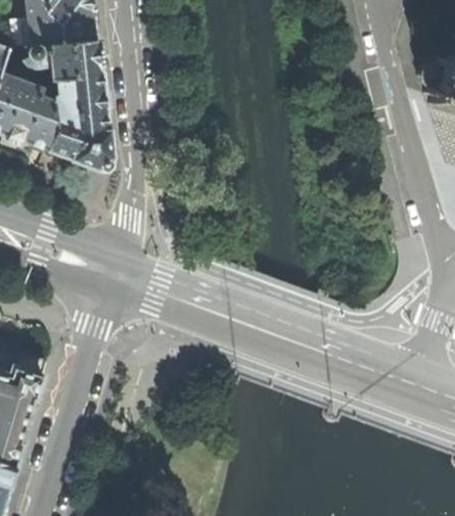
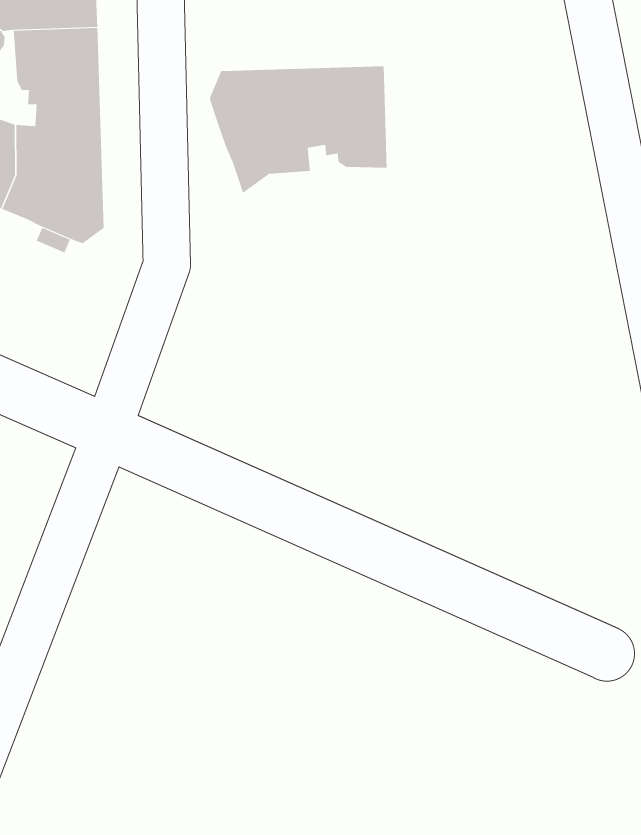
building: none -> [209,65,387,194]

